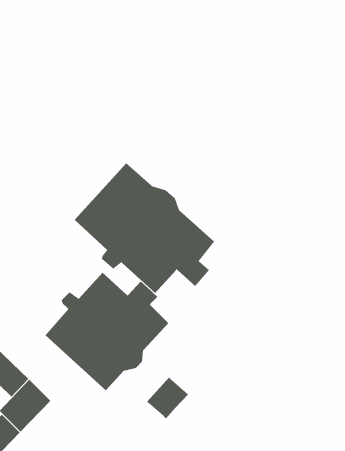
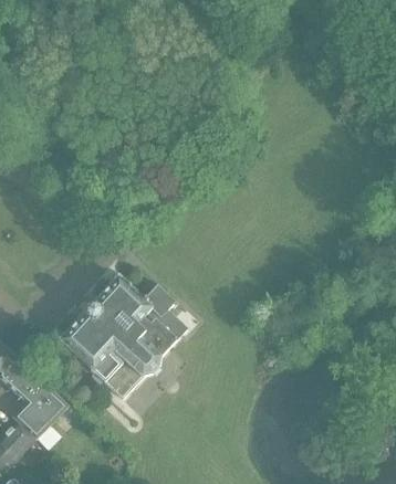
building: [74,162,215,294] -> none
building: [146,377,189,419] -> none

